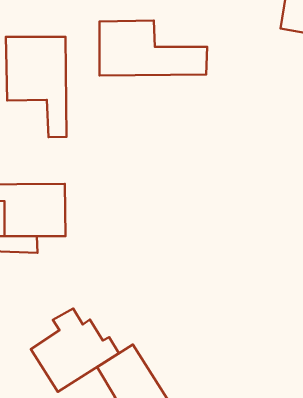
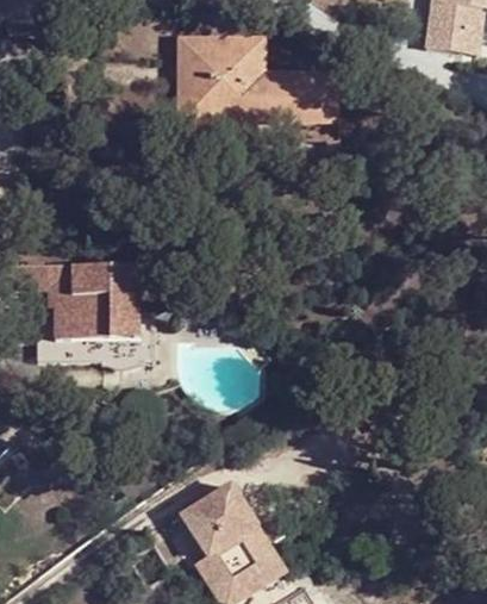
building: [6,37,66,137] -> none
building: [31,309,119,392] -> none

